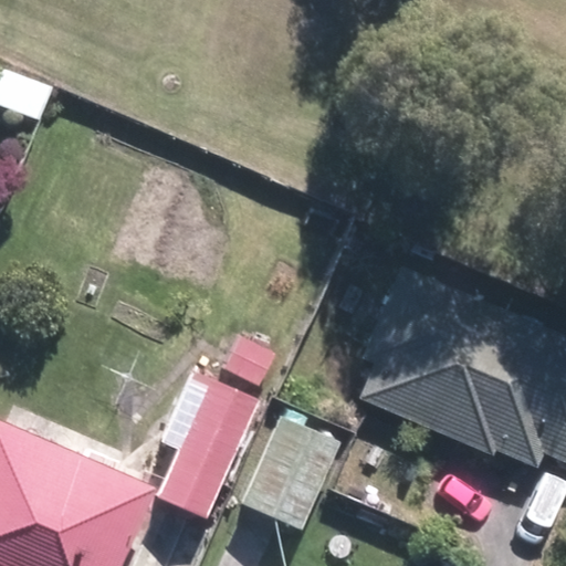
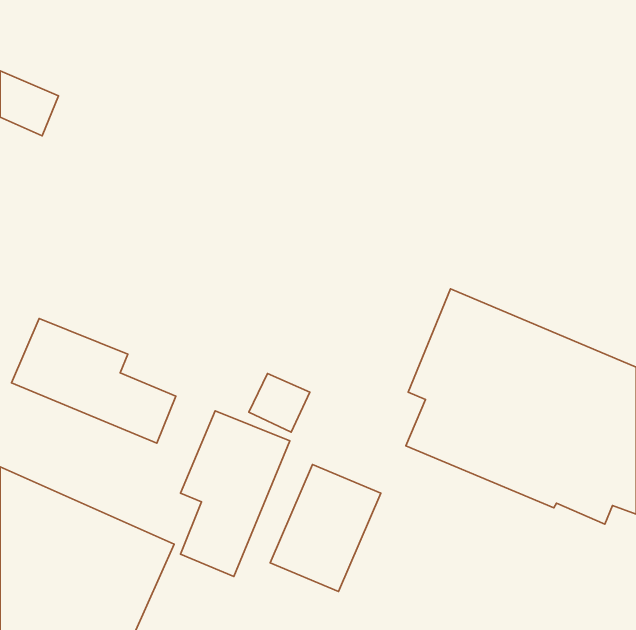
building: none -> [11,319,176,443]

